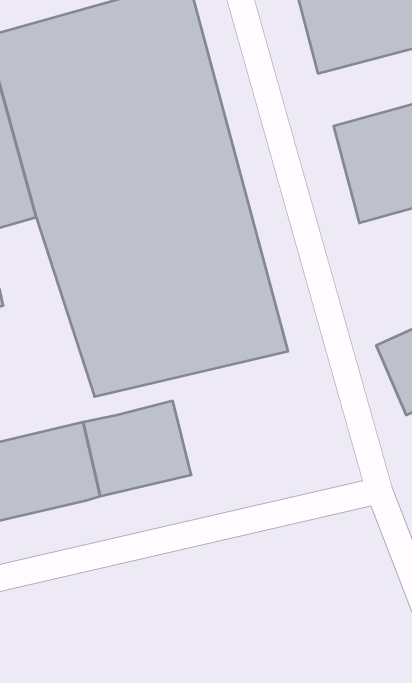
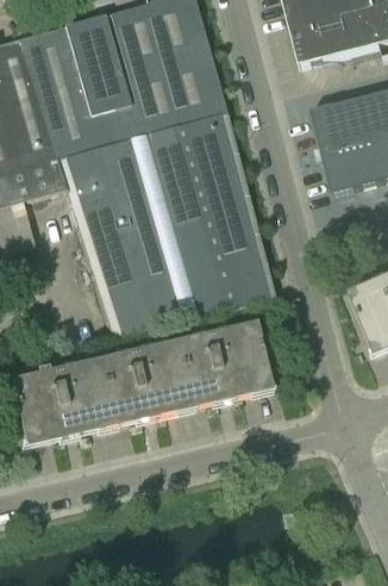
building: none -> [179,324,269,403]

